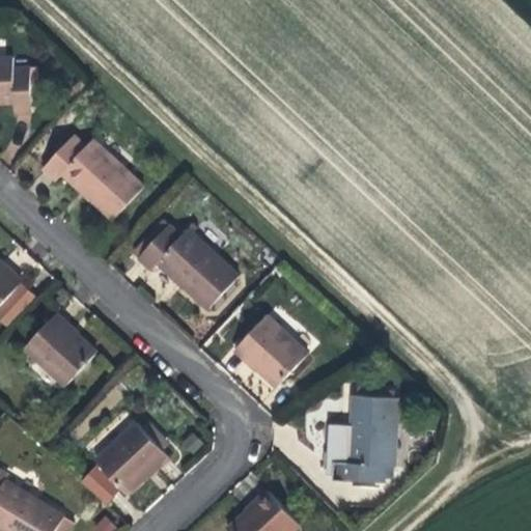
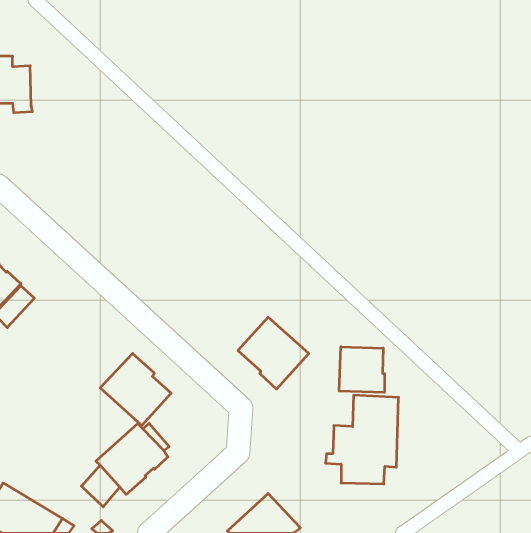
building: [41,134,144,221] -> none
building: [136,223,240,309] -> none
building: [24,313,94,385] -> [100,353,171,425]
building: none -> [339,347,385,392]

